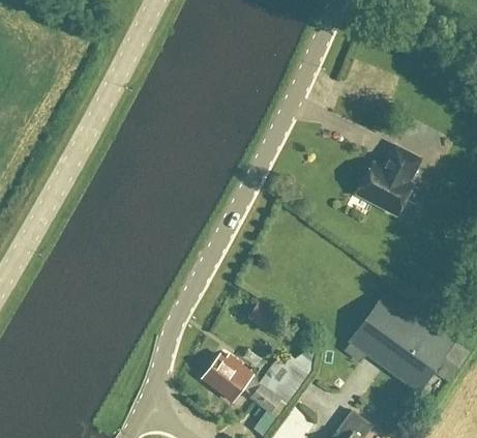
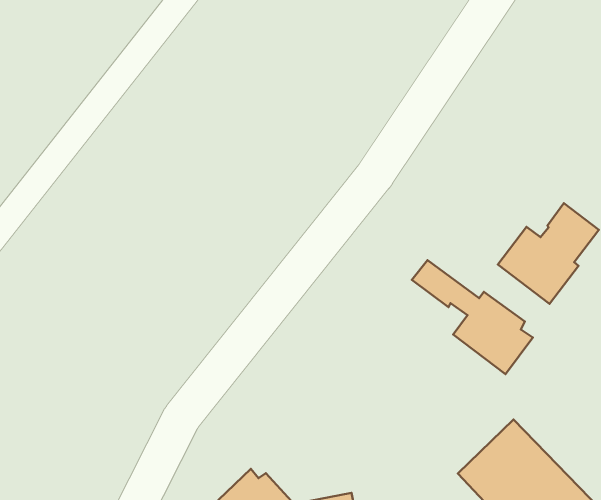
building: none -> [412,260,533,374]

